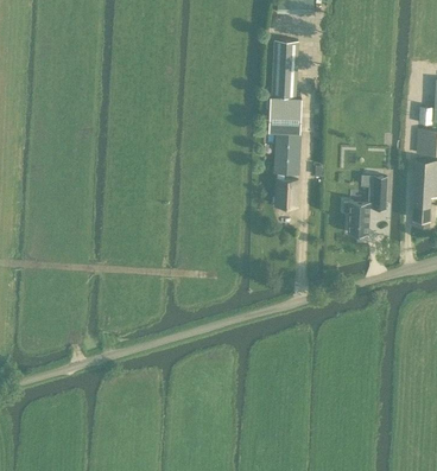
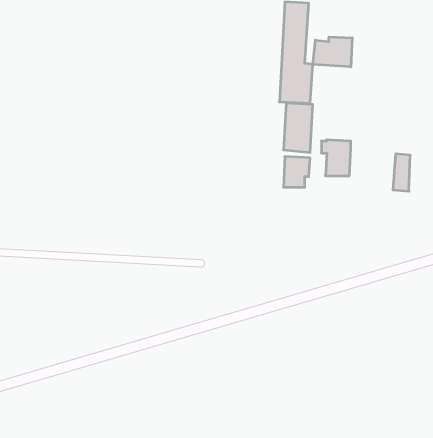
building: none -> [313,37,352,67]
building: [342,202,368,234] -> [321,140,351,176]

